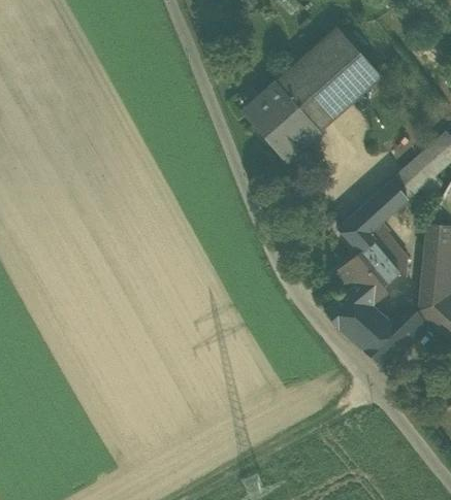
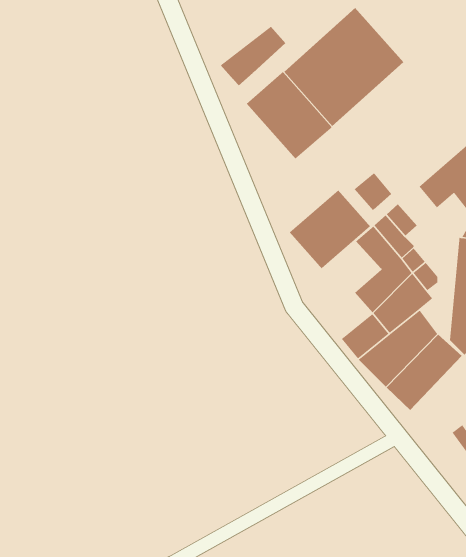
building: none -> [220,26,286,86]
building: [375,179,408,212] -> [353,172,392,211]
building: none -> [289,190,372,270]

